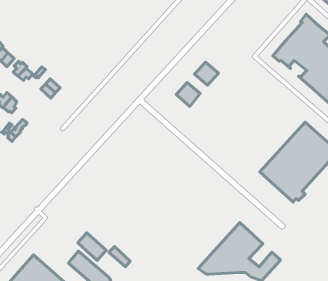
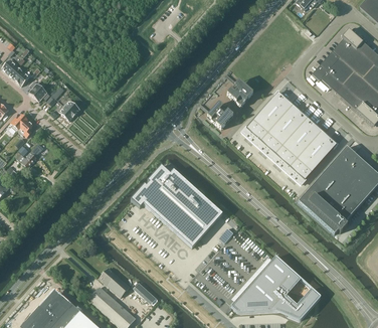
building: none -> [242,92,337,183]
building: none -> [131,165,222,247]

